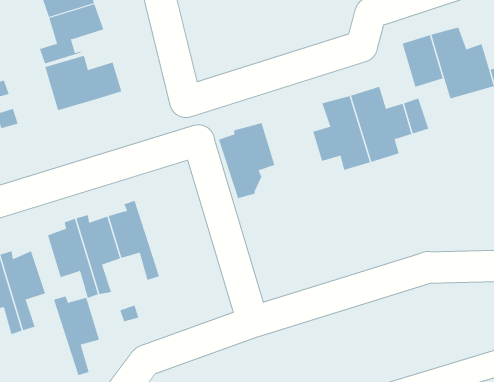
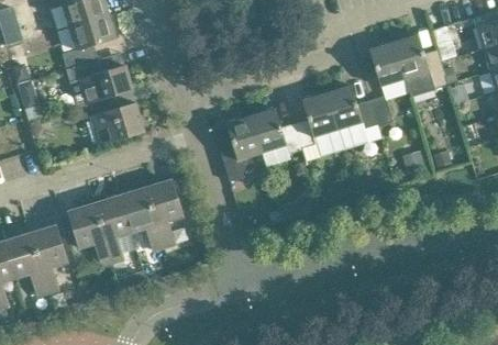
building: none -> [77,97,145,146]
building: none -> [251,109,301,167]
building: [53,296,100,376] -> [143,179,182,247]

